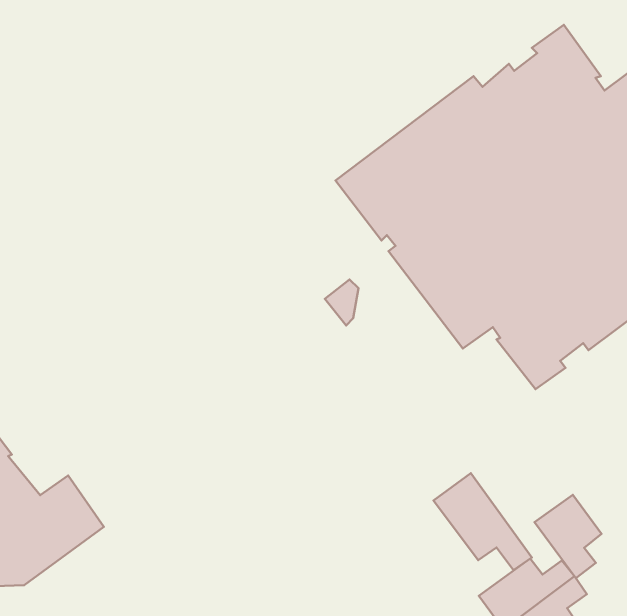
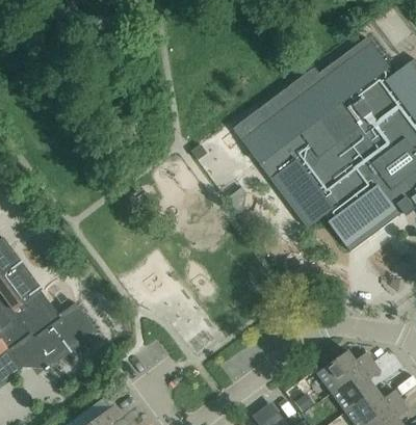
building: [433,473,532,570] -> none
building: [534,495,602,578] -> none

